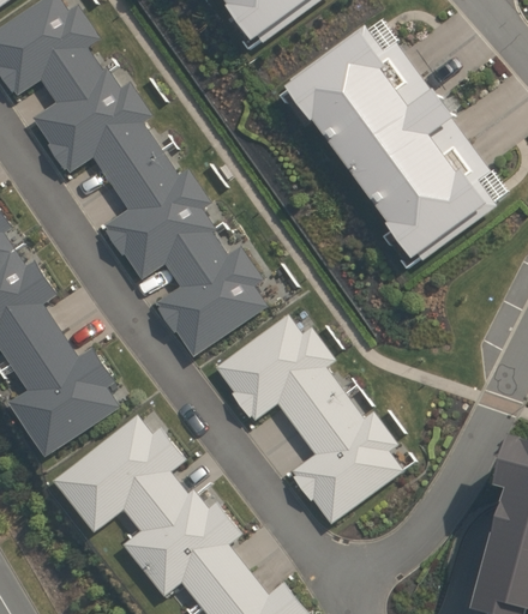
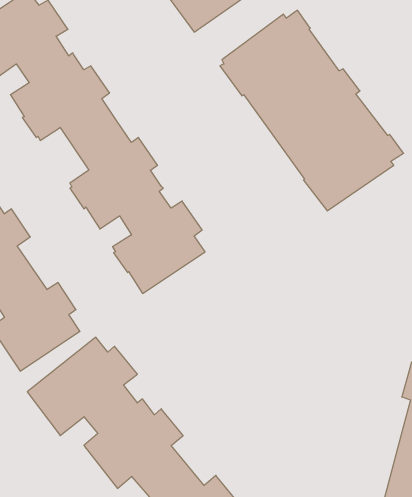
building: [215,315,402,524] -> none

